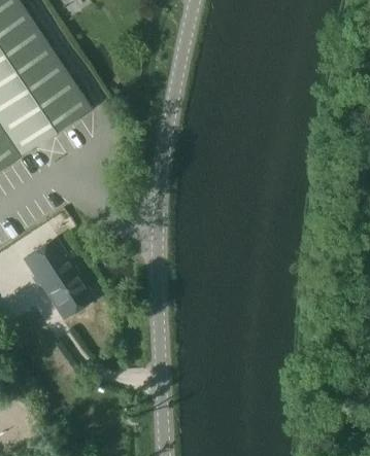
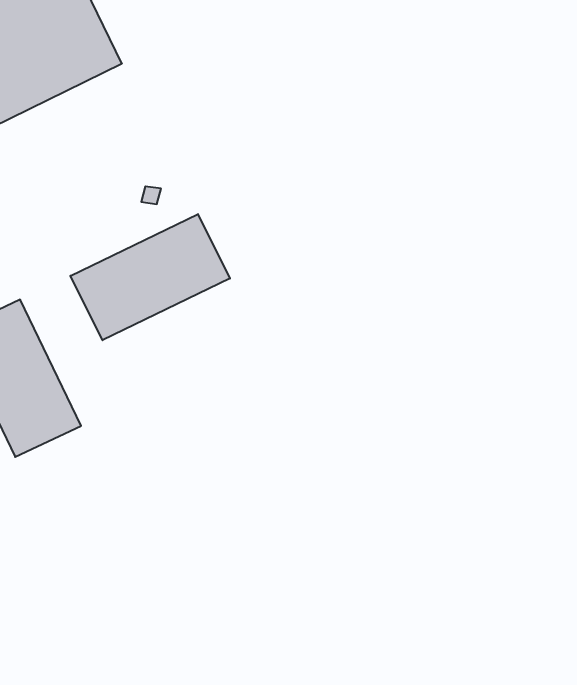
building: none -> [70,214,230,340]

